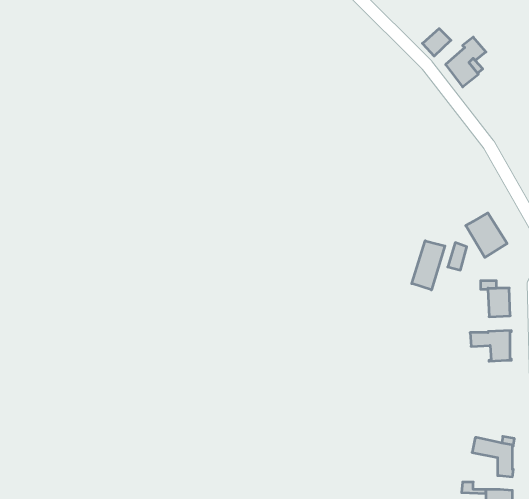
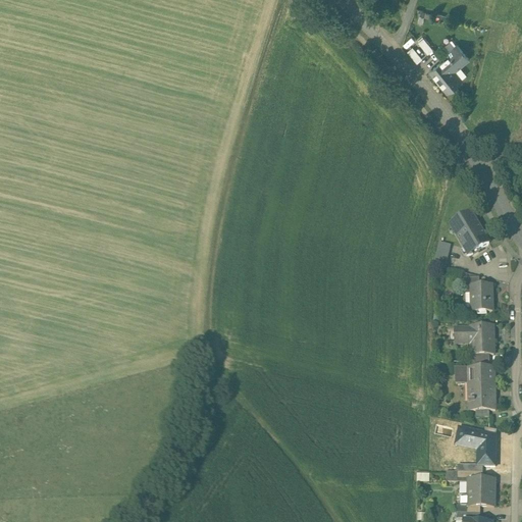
building: [412,241,445,290] -> none
building: none -> [455,365,495,409]

